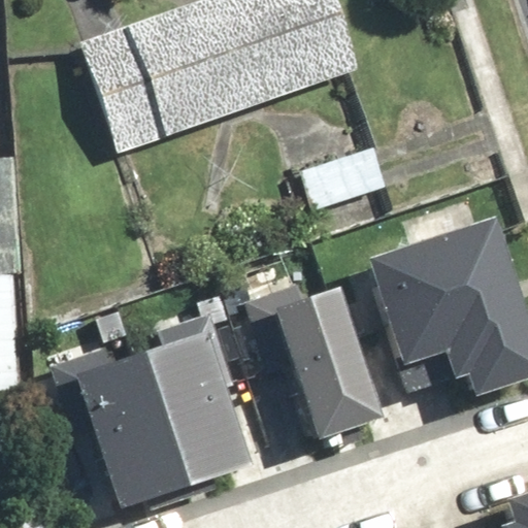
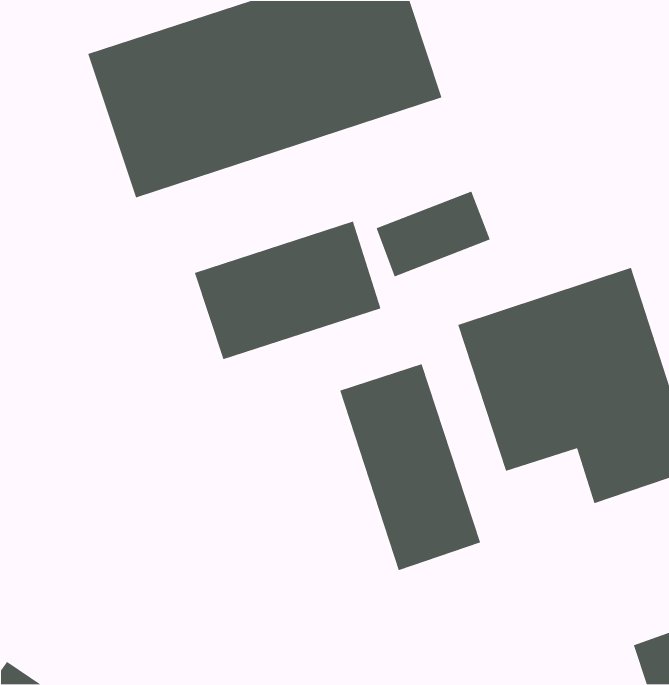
building: none -> [194,220,381,360]
building: [73,325,255,505] -> none

